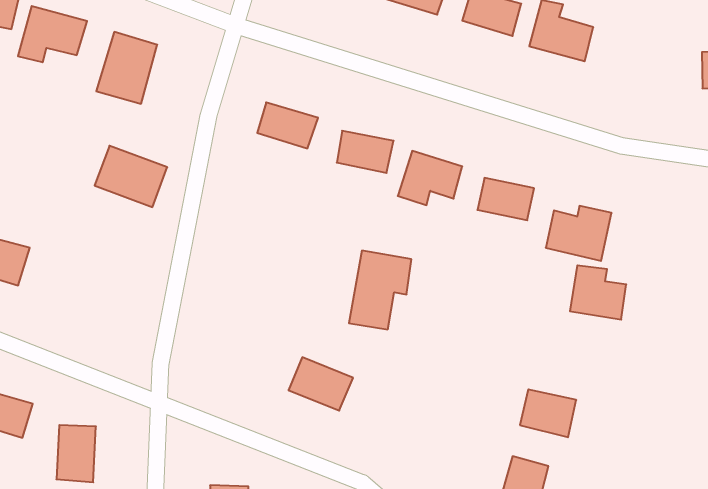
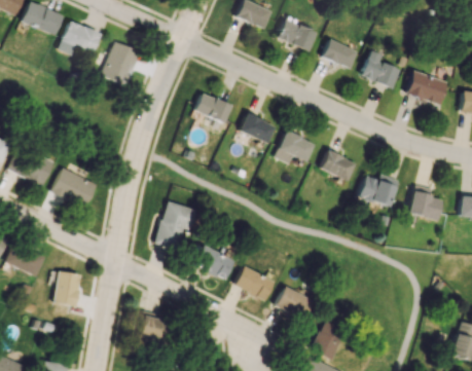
building: none -> [406,71,448,106]
building: [95,146,167,207] -> [52,169,97,208]
building: [349,251,411,329] -> [154,201,195,250]
building: [570,265,626,320] -> [407,186,442,221]
building: none -> [234,267,276,300]
building: [520,389,576,437] -> [277,288,312,319]

